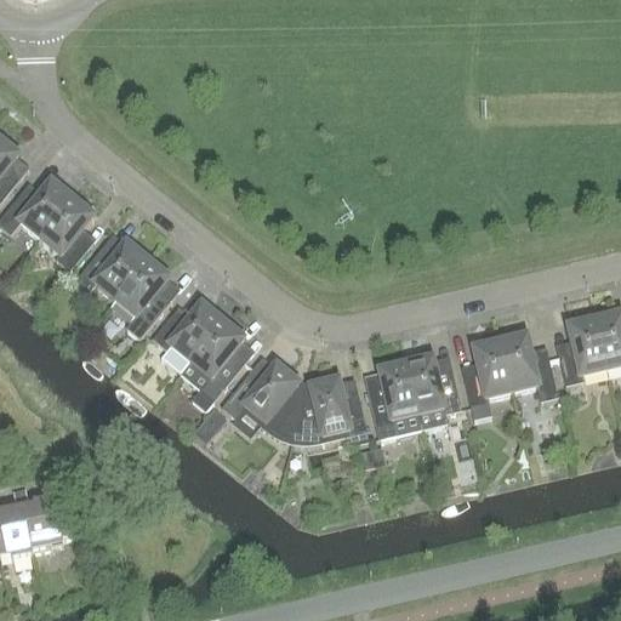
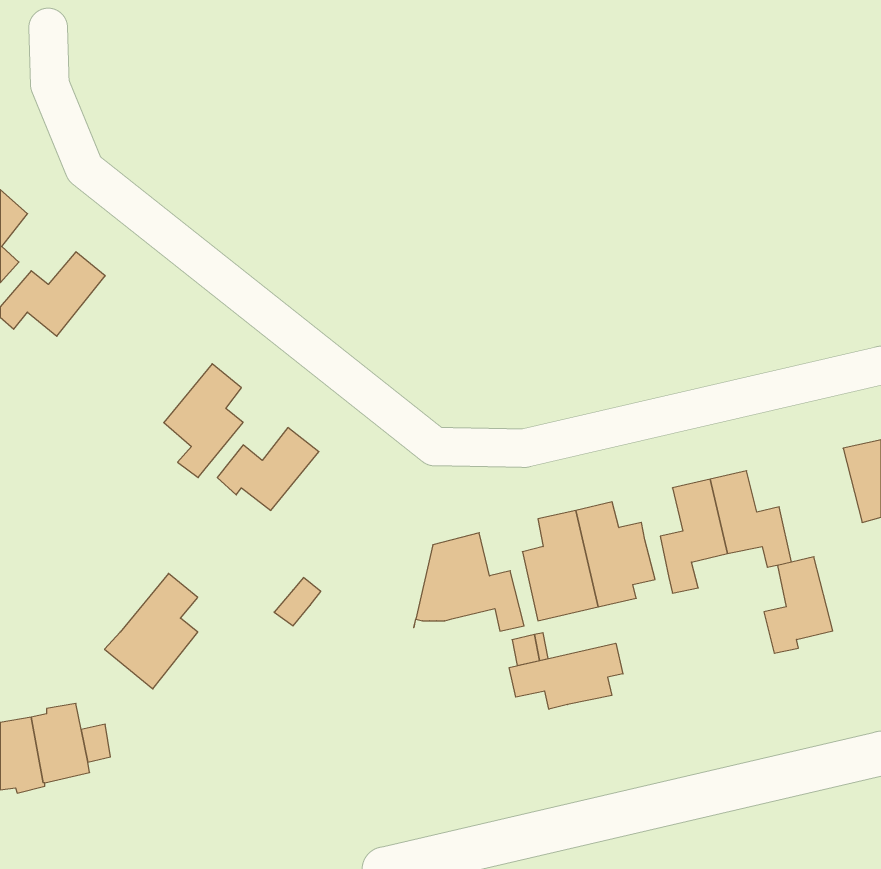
building: [40,194,95,268] -> none
building: [72,239,149,297] -> none
building: [558,315,606,383] -> [764,557,833,653]
building: [180,318,245,399] -> [105,573,198,689]
building: [221,361,304,441] -> none
building: none -> [509,643,623,709]

